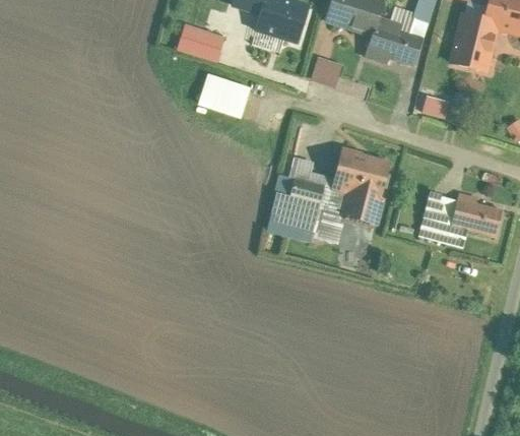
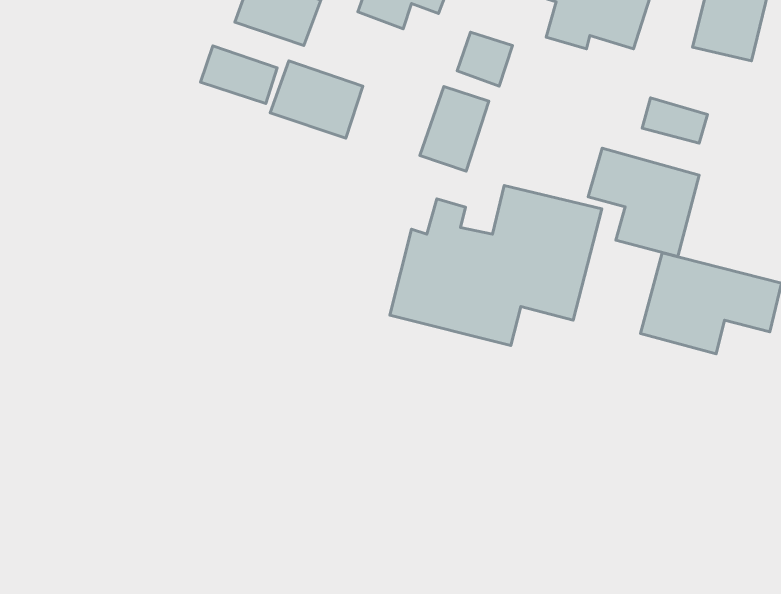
building: none -> [201,46,277,103]
building: none -> [420,87,489,171]
building: none -> [588,148,699,256]

